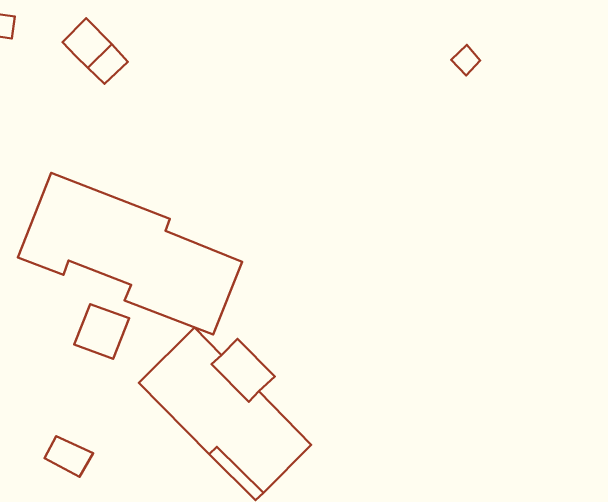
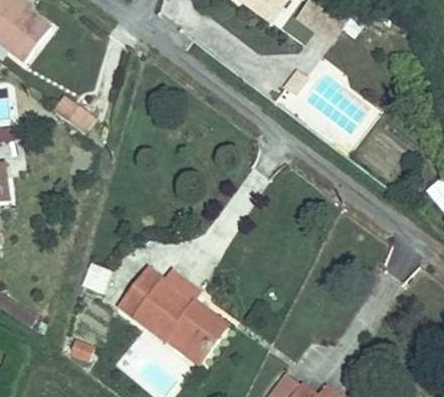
building: [18,173,242,335] -> none

